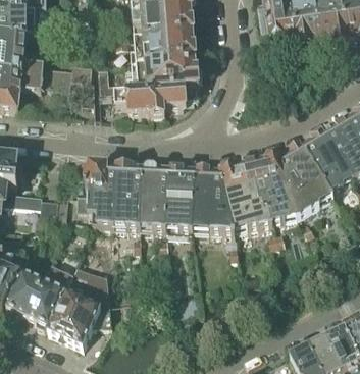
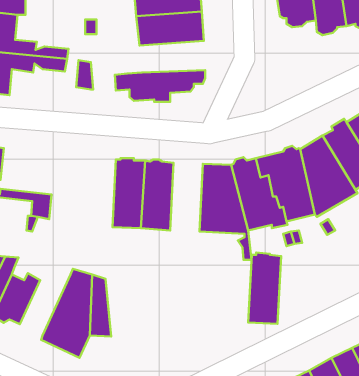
building: [136,59,201,88] -> none
building: [75,165,114,227] -> none
building: [163,167,193,231] -> [248,253,281,324]
building: [28,260,73,327] -> none

